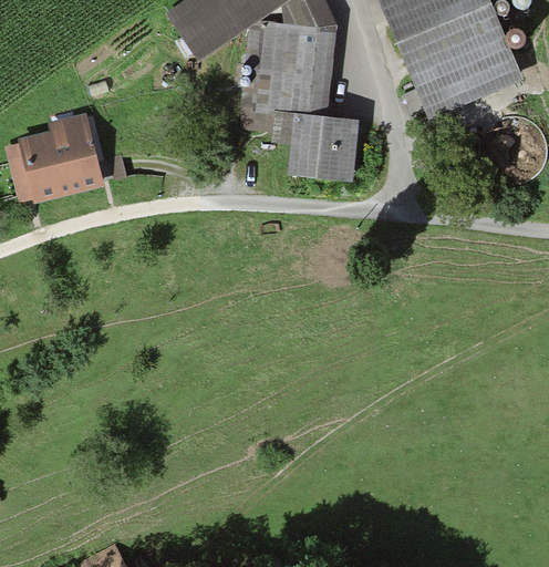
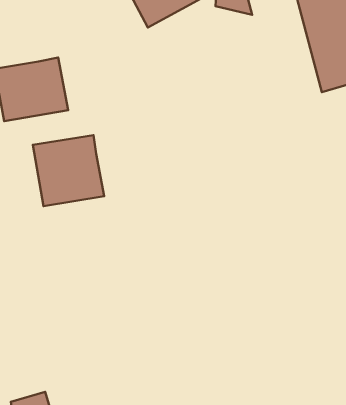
building: [255,25,350,172] -> none
building: none -> [33,135,104,206]

